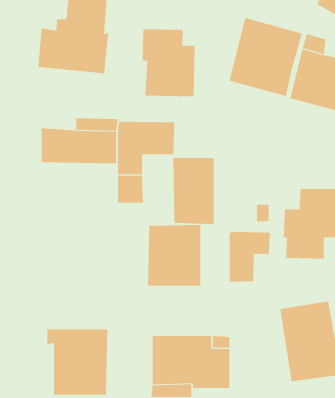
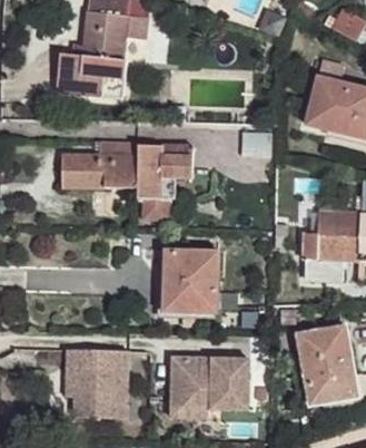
building: [229,17,303,97] -> none
building: [142,28,195,97] -> none
building: [173,157,214,225] -> none
building: [229,231,270,282] -> none

